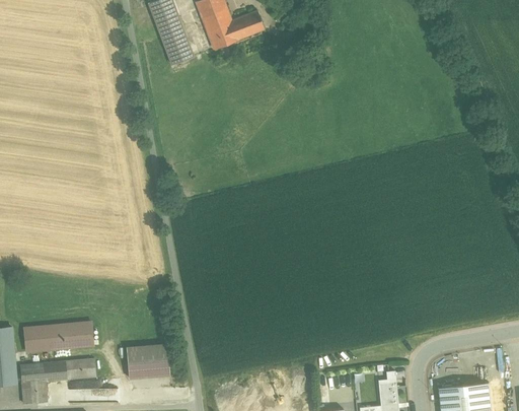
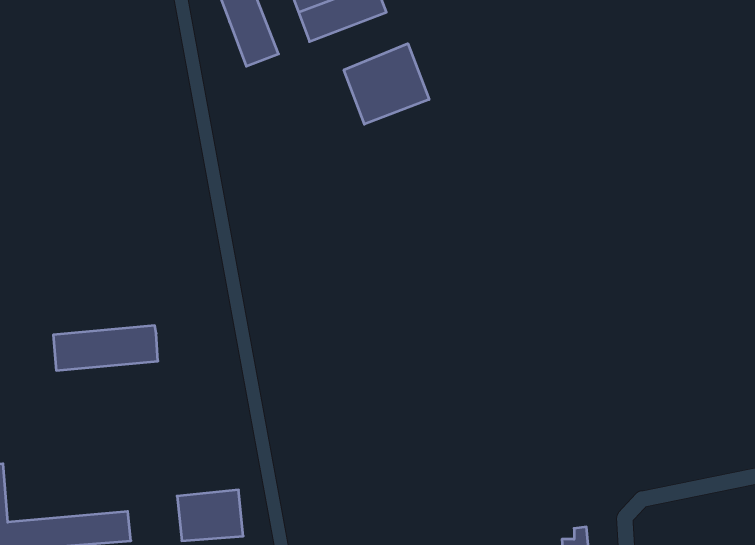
building: none -> [344,44,429,124]
building: [23,322,92,351] -> [53,326,158,370]

